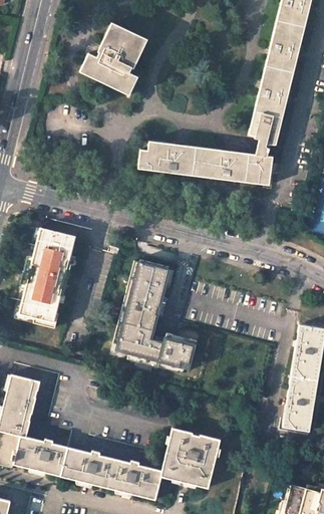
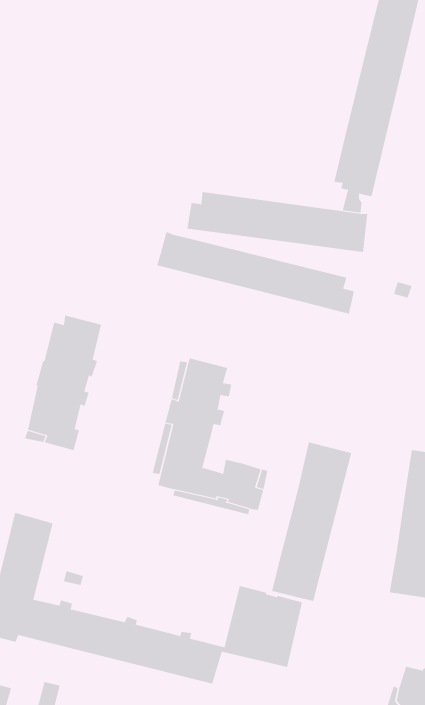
building: [81,24,147,95] -> none
building: none -> [156,231,354,315]
building: none -> [272,442,352,602]

